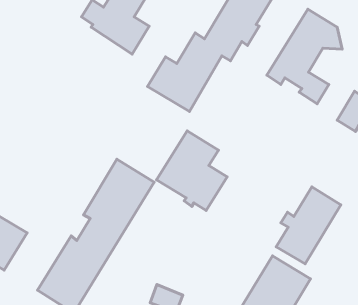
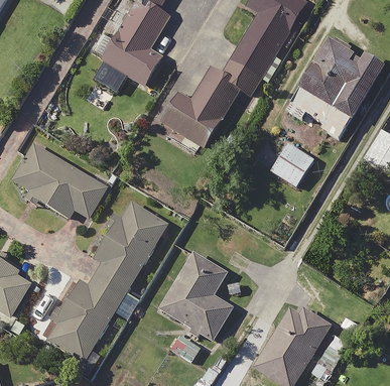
building: none -> [12,142,107,217]
building: none -> [270,142,313,186]
building: [157,131,227,210] -> [159,257,234,341]
building: [276,187,341,264] -> none

